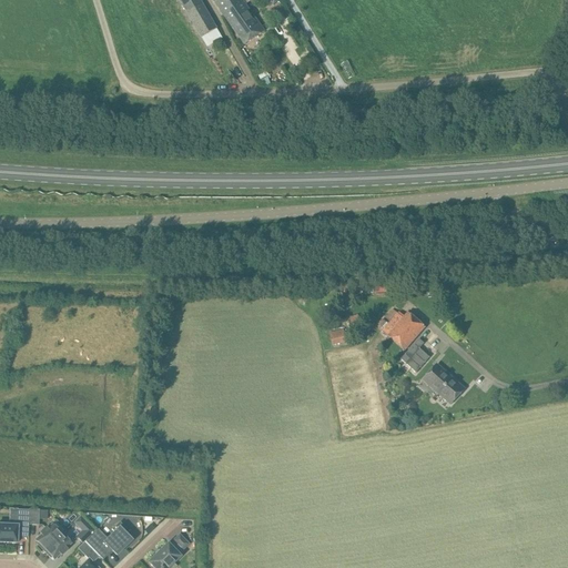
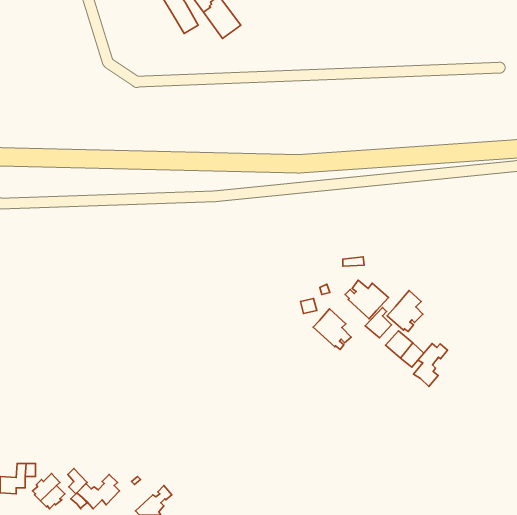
building: none -> [387,290,423,331]
building: none -> [313,309,351,350]
building: none -> [414,344,448,387]

